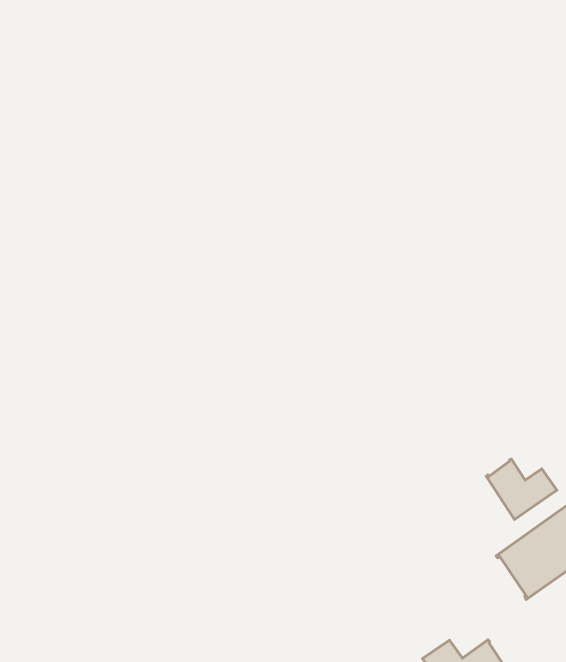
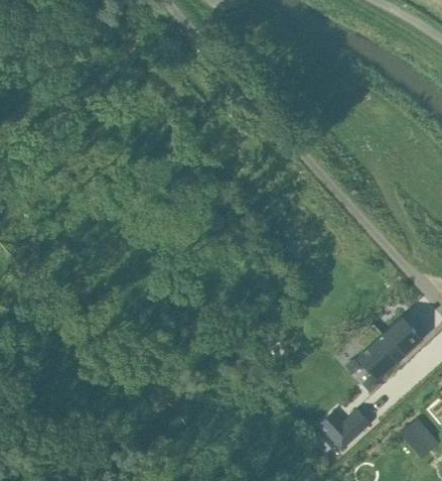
building: [486,459,557,520] -> none

